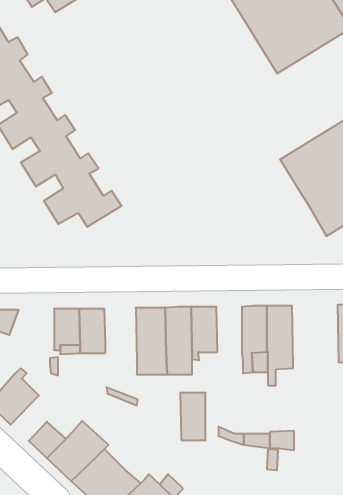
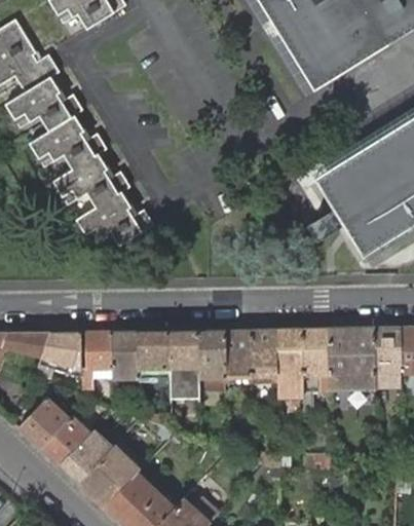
building: none -> [329,327,376,388]
building: none -> [138,330,171,384]
building: none -> [38,332,82,376]
building: [180,393,206,440] -> [252,329,277,377]
building: none -> [42,417,90,465]

